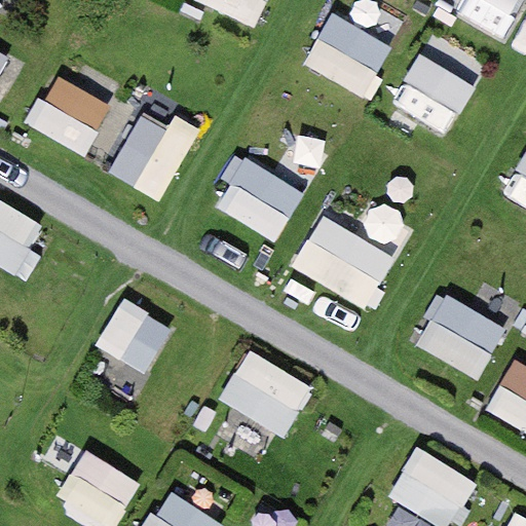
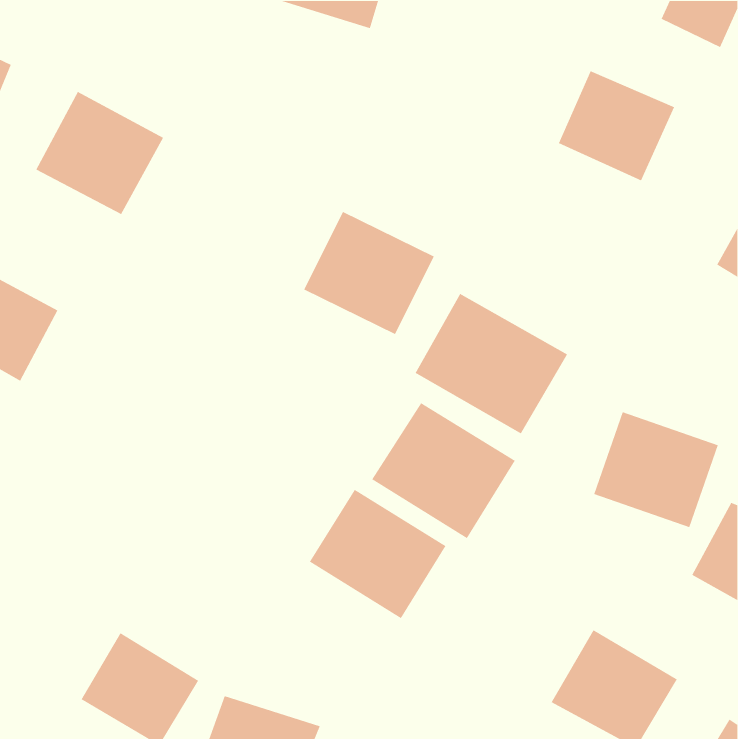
building: [301,11,390,99] -> none
building: [111,109,192,199] -> none
building: none -> [371,402,516,539]
building: [93,298,173,375] -> none

